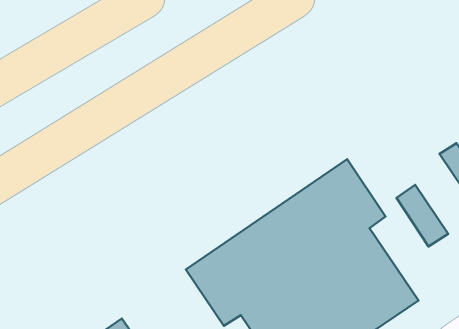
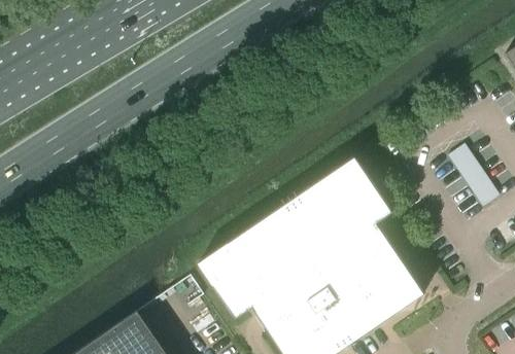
building: [397,185,448,247] -> none

